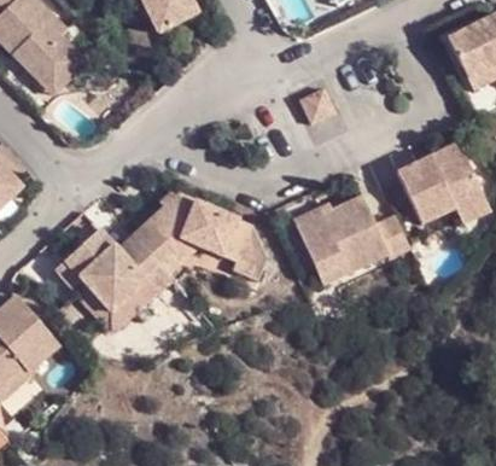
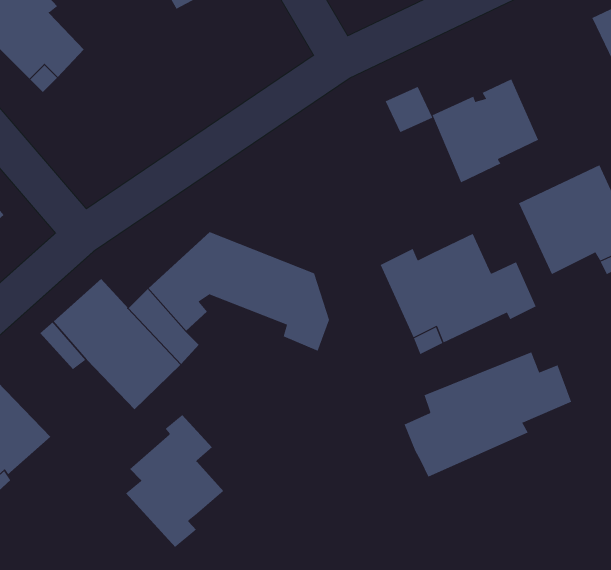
building: none -> [432,78,539,183]
building: none -> [404,351,572,477]
building: none -> [125,414,224,548]

